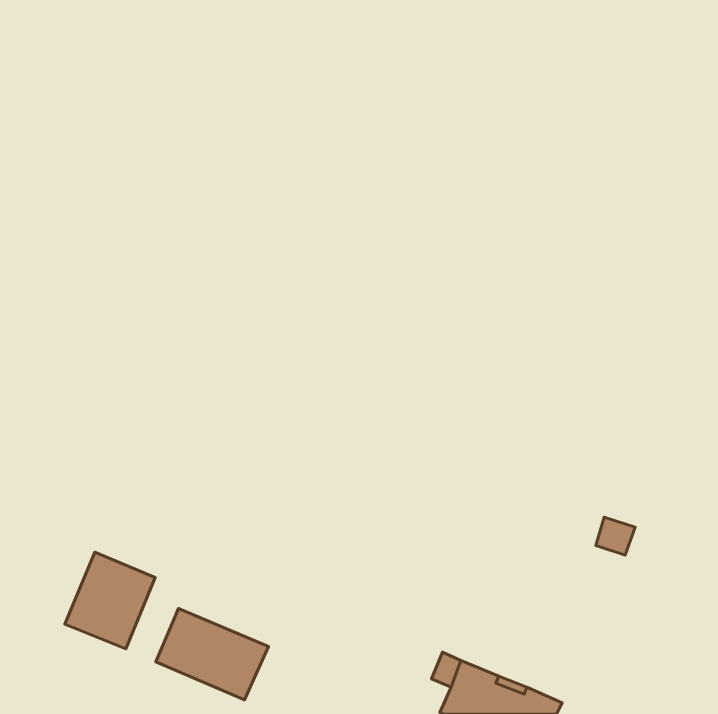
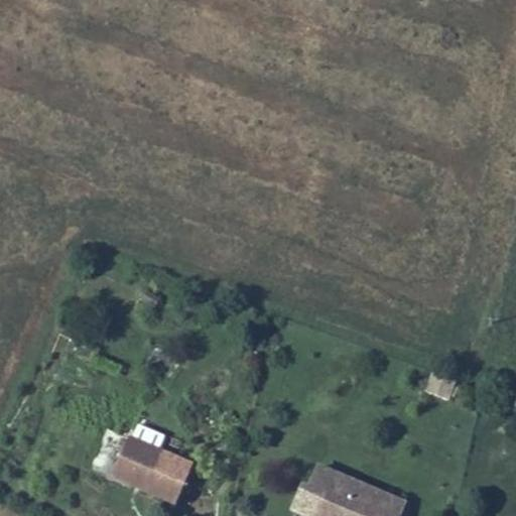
building: [65,552,155,649] -> none

